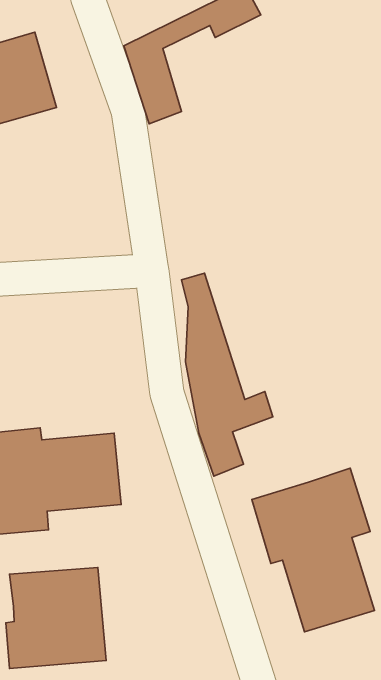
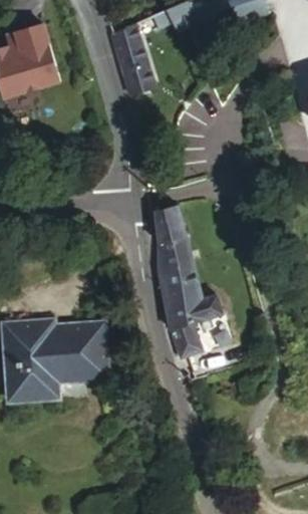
building: [252,468,374,632] -> none
building: [6,567,106,669] -> none

